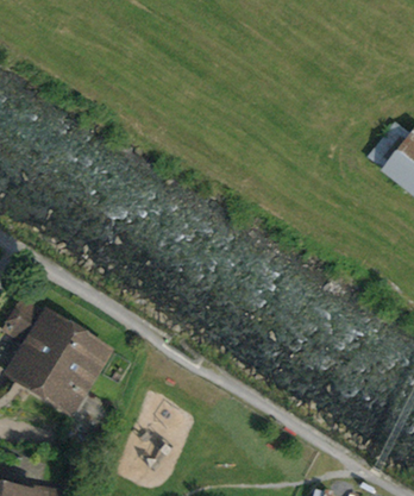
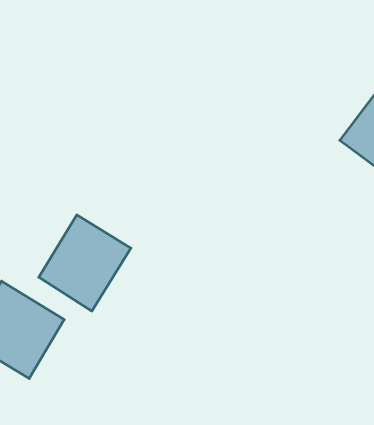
building: none -> [39,215,131,311]

